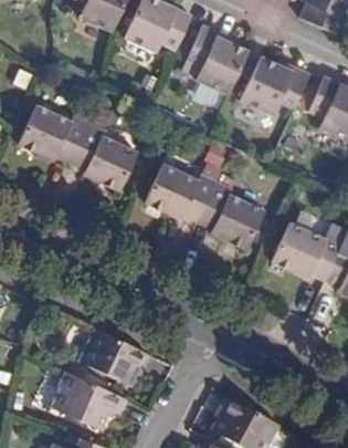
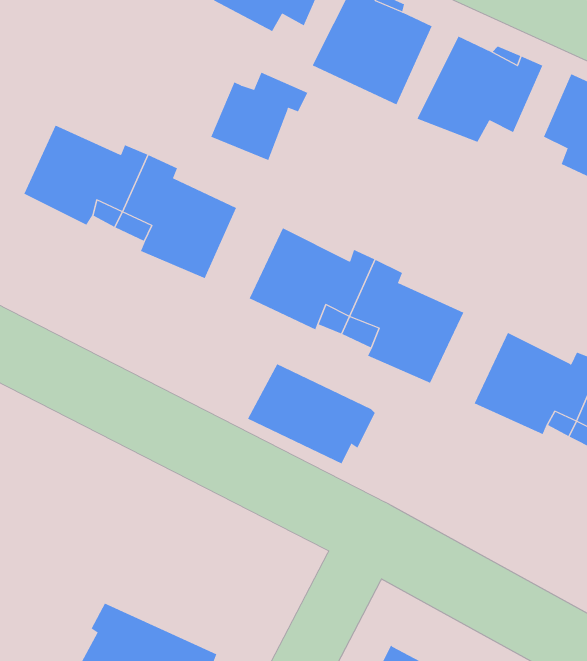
building: none -> [211,72,308,161]
building: [78,330,150,386] -> [247,363,375,464]

